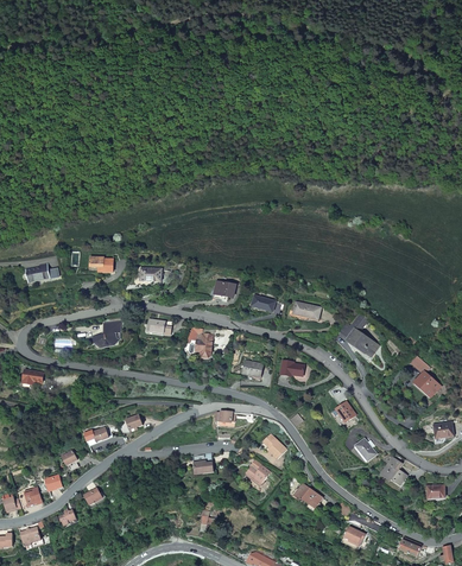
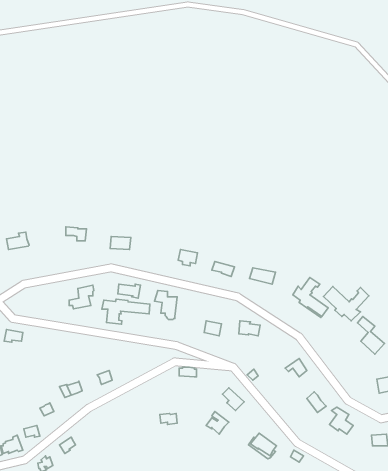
building: none -> [324,286,369,321]
building: none -> [102,299,150,324]

